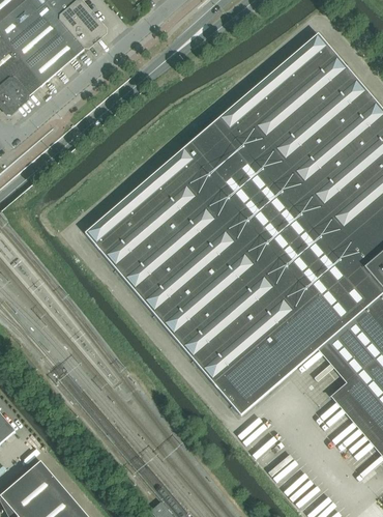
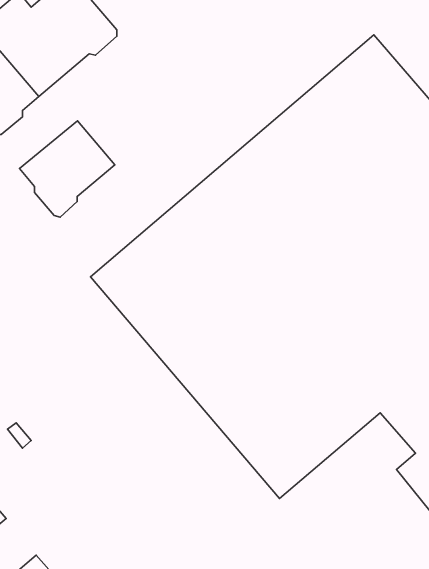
building: none -> [20,121,115,217]

